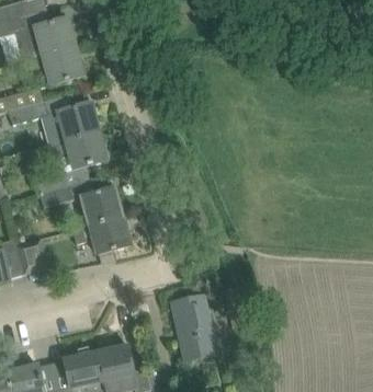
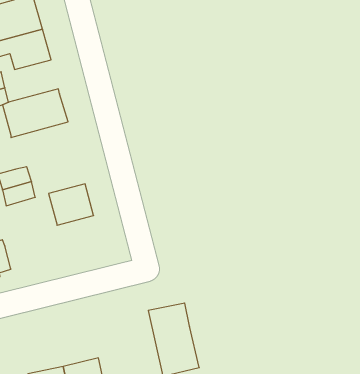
building: [44,131,106,170] -> none
building: [71,216,129,254] -> none

